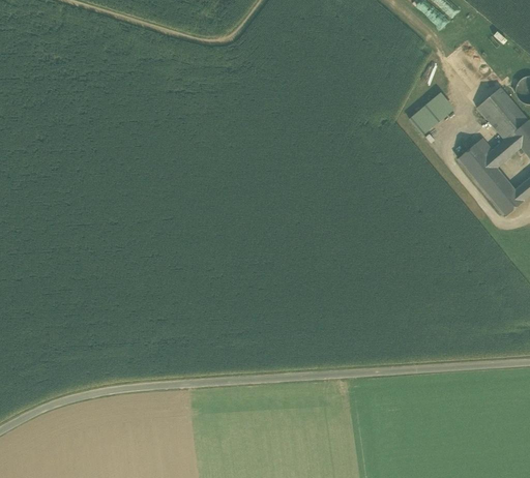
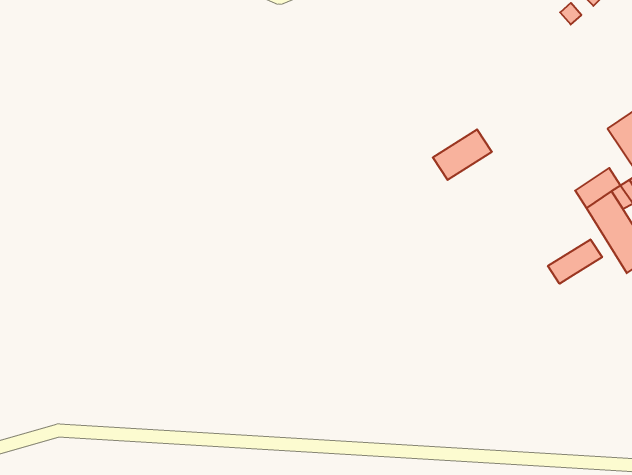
building: [409,94,453,136] -> [433,129,492,180]
building: none -> [548,239,602,284]

